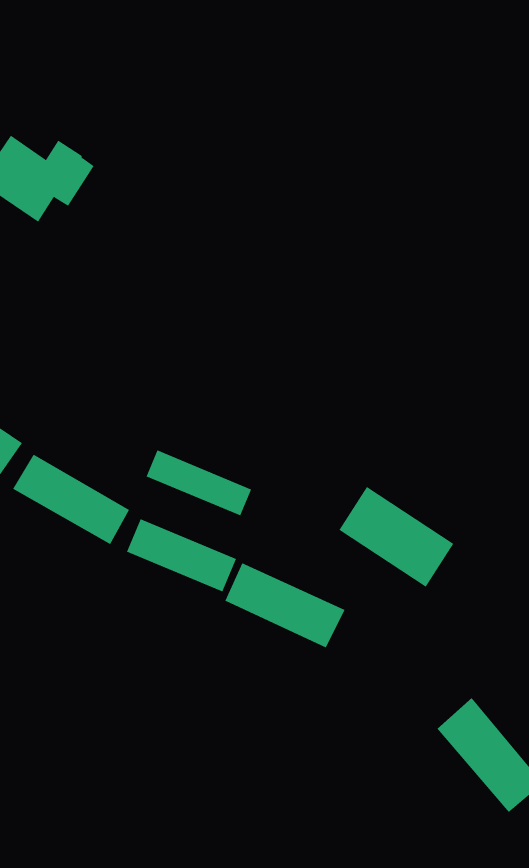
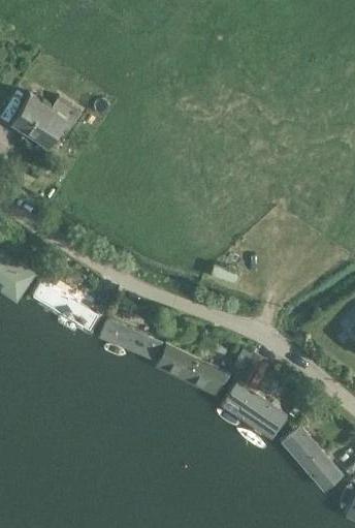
building: [146,450,252,516] -> none
building: [338,486,454,588] -> [221,381,289,441]

